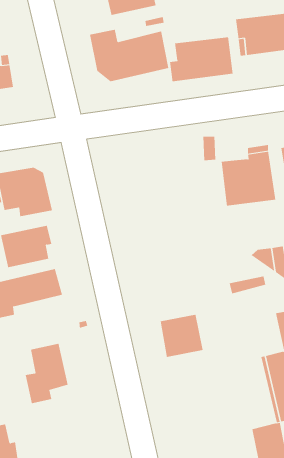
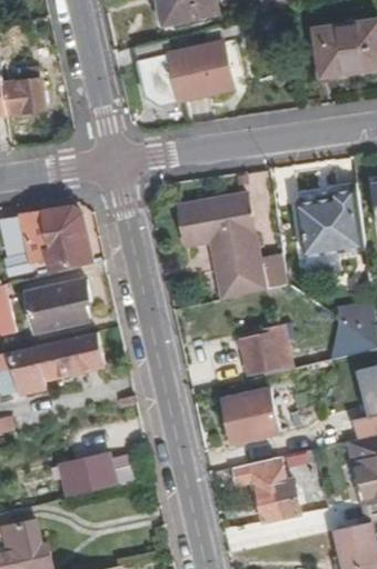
building: [170,37,233,82] -> none
building: none -> [175,194,284,299]
building: none -> [220,322,290,375]
building: none -> [230,450,309,521]

